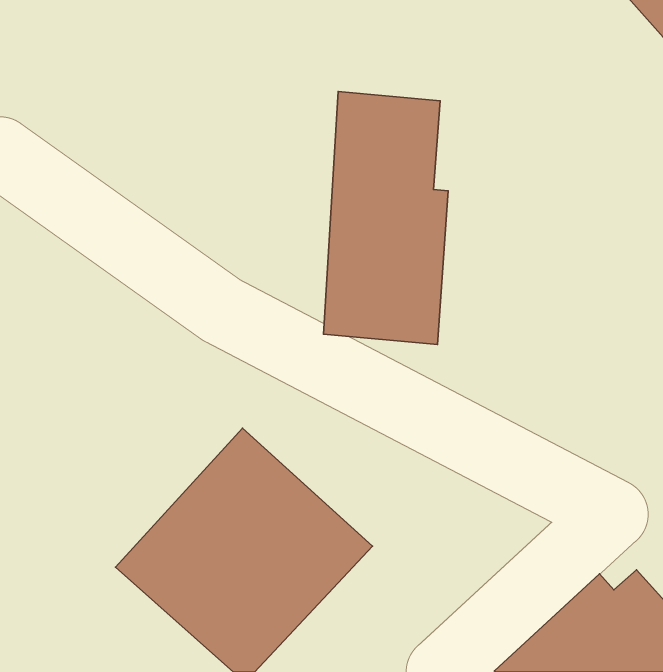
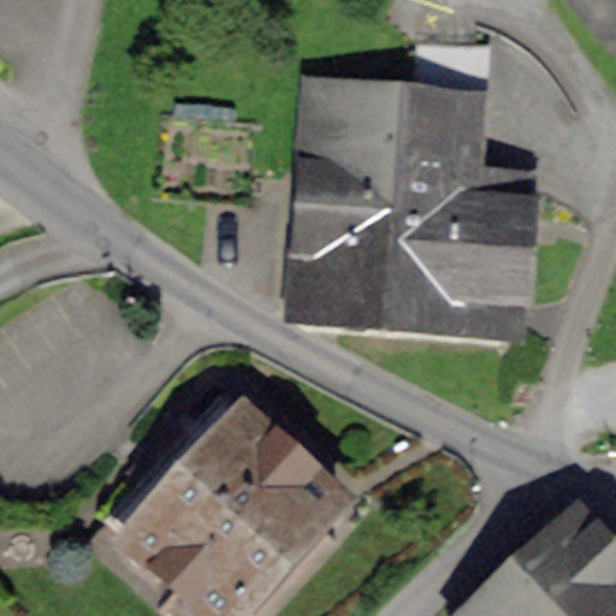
building: none -> [407,36,538,321]

